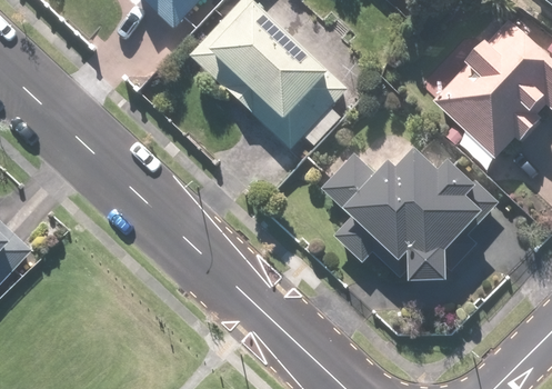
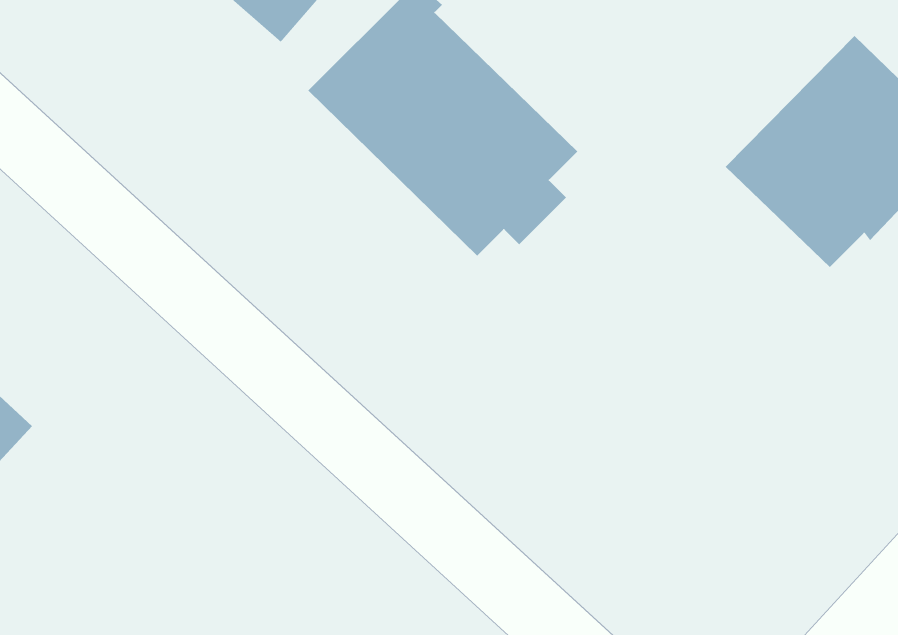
building: [320,152,479,286] -> none

